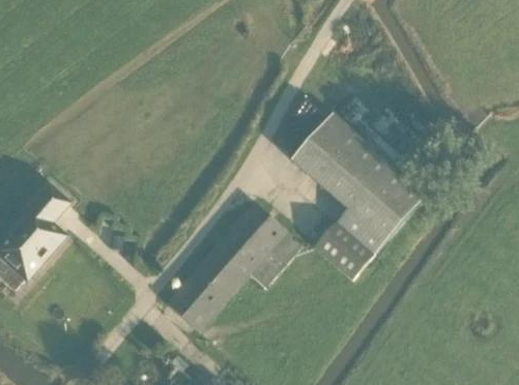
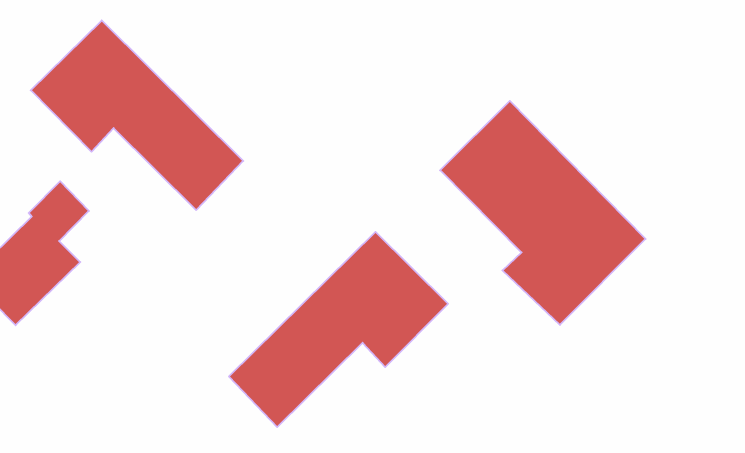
building: none -> [31,20,243,210]
building: [314,220,375,279] -> none

